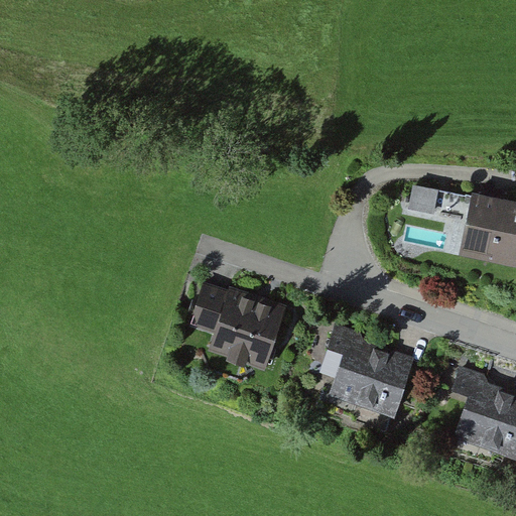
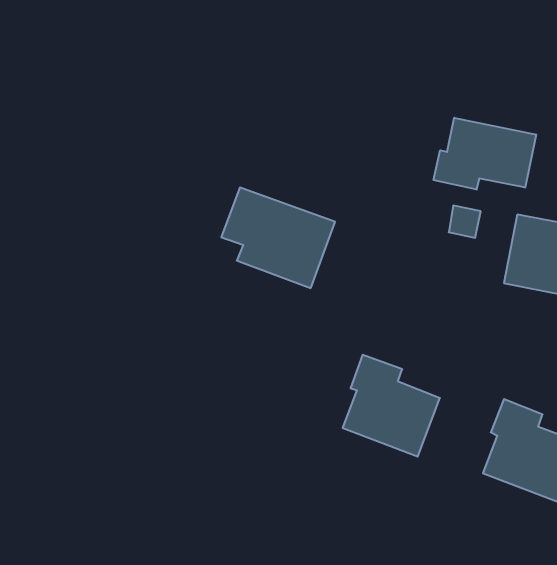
building: none -> [434,118,536,190]
building: [184,280,288,372] -> [221,187,335,288]

